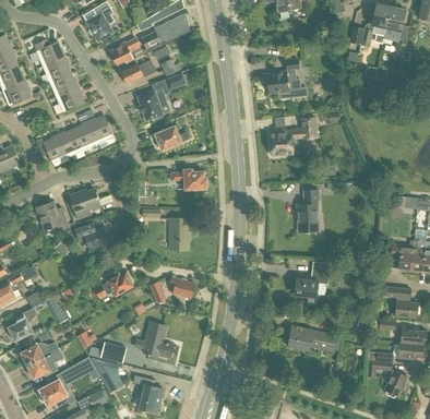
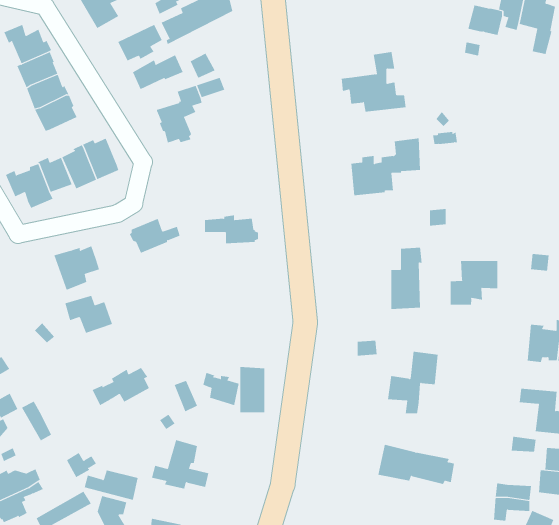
building: [155,125,190,149] -> [129,218,181,254]
building: none -> [450,260,498,306]
building: [36,201,74,231] -> none
building: [170,217,188,249] -> [240,366,265,413]

